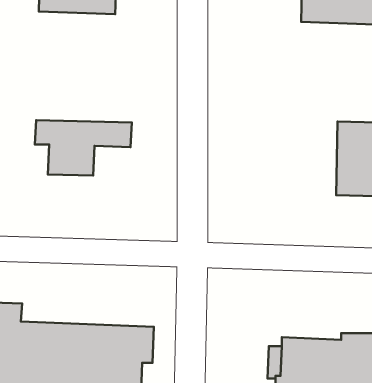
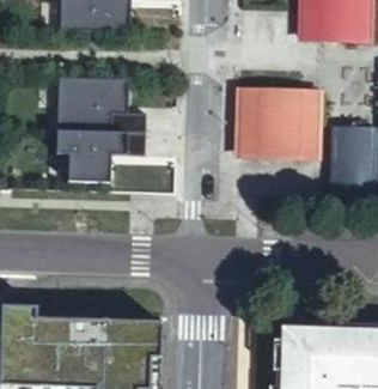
building: none -> [55,77,144,132]
building: none -> [237,92,317,157]

